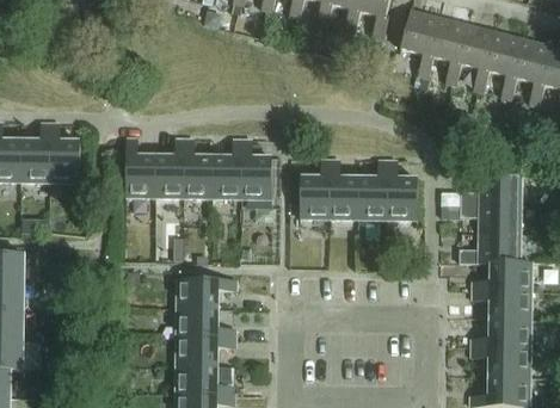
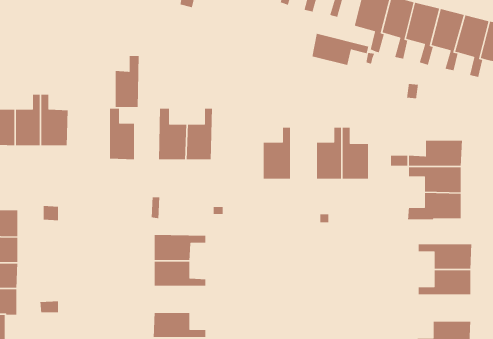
building: none -> [311,33,369,66]
building: [154,140,181,198] -> [115,55,139,108]
building: [240,140,270,198] -> none
building: [328,161,357,220] -> none
building: [470,264,531,291] -> none
building: [176,339,234,367] -> none
building: [470,348,530,377] -> none

